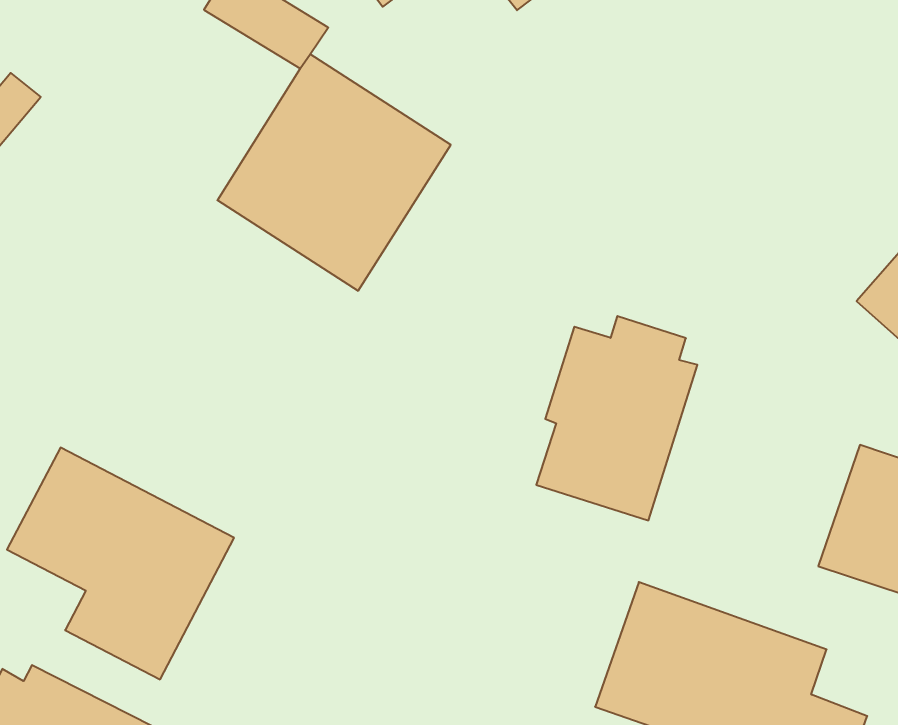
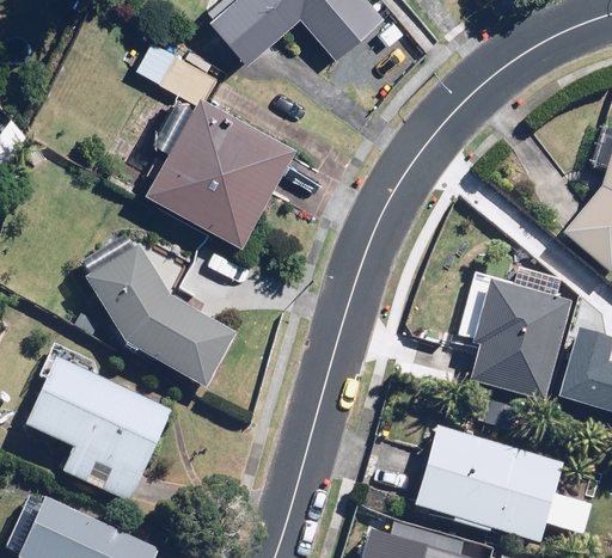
building: none -> [85,247,237,388]
building: [536,316,697,520] -> [471,272,571,404]

